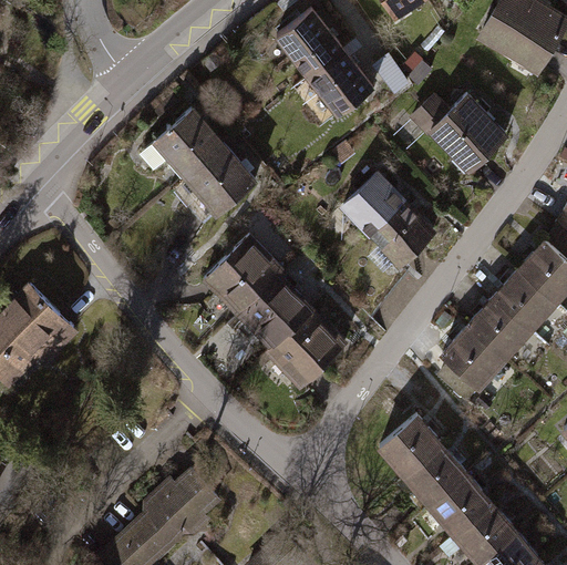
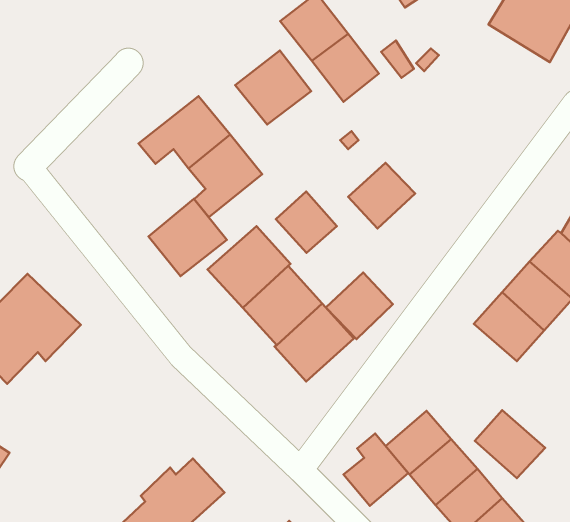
building: none -> [235,50,311,125]
building: [411,94,507,175] -> none
building: none -> [276,191,337,253]
building: [370,204,435,269] -> [326,272,393,339]
building: none -> [148,199,227,276]
building: [437,331,506,398] -> [475,410,545,478]
building: none -> [344,434,408,506]

